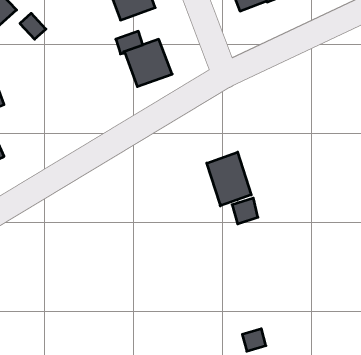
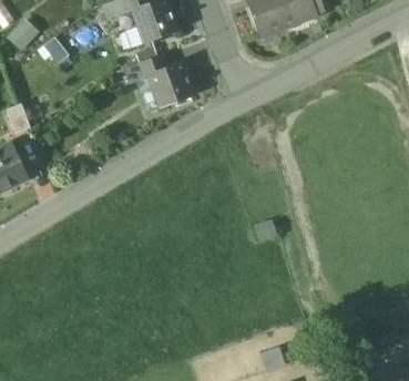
building: [207,152,251,206] -> none

